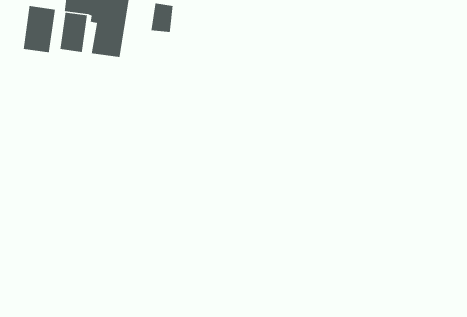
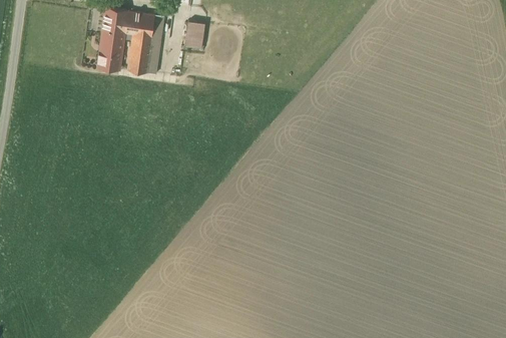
building: [23,5,56,53] -> none

